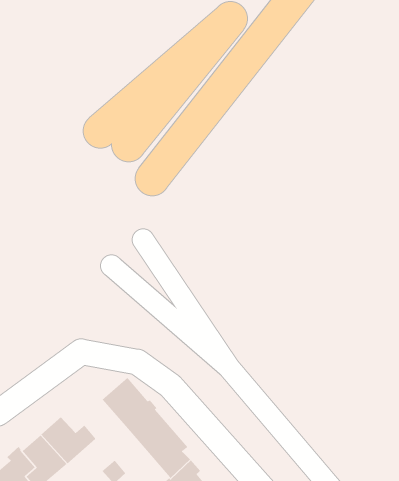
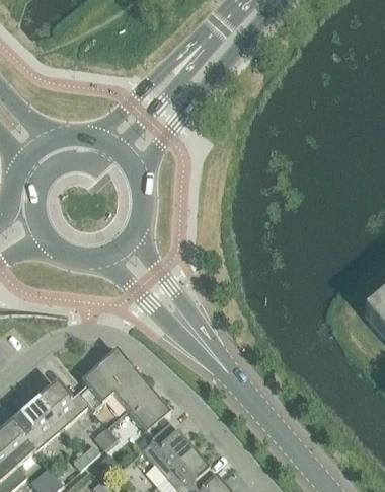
building: none -> [77,368,113,410]

